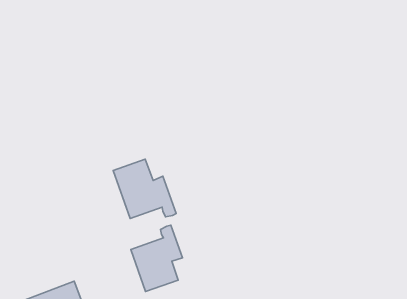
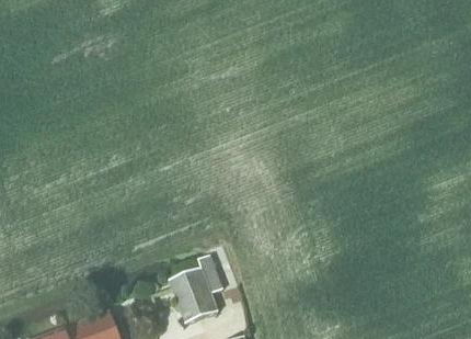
building: [113,159,176,218] -> none

